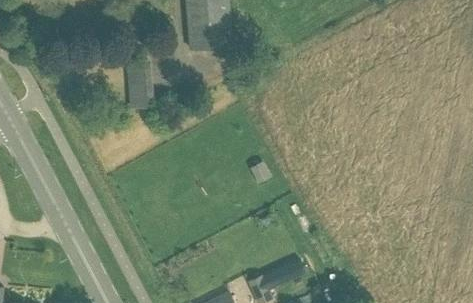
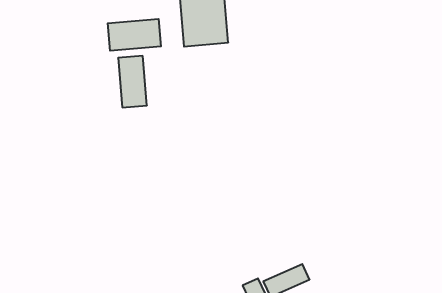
building: none -> [108,19,161,51]

